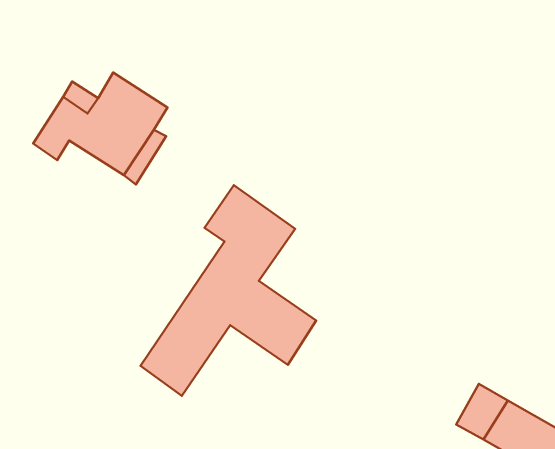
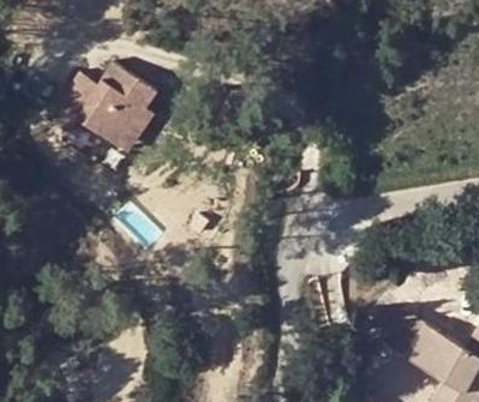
building: [140,185,316,396] -> none

